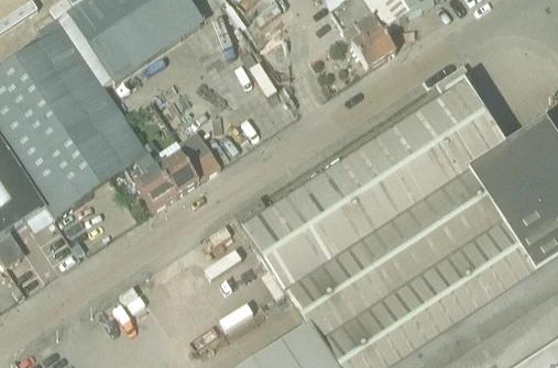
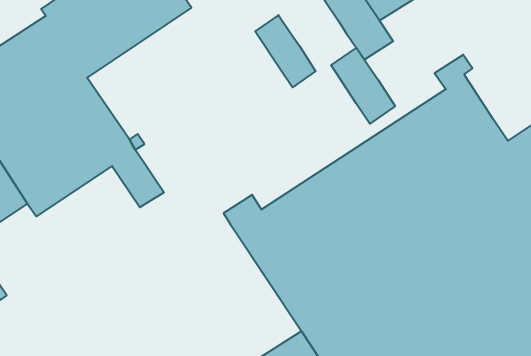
building: none -> [255,15,316,87]
building: none -> [331,48,395,124]
building: [156,131,221,194] -> none

